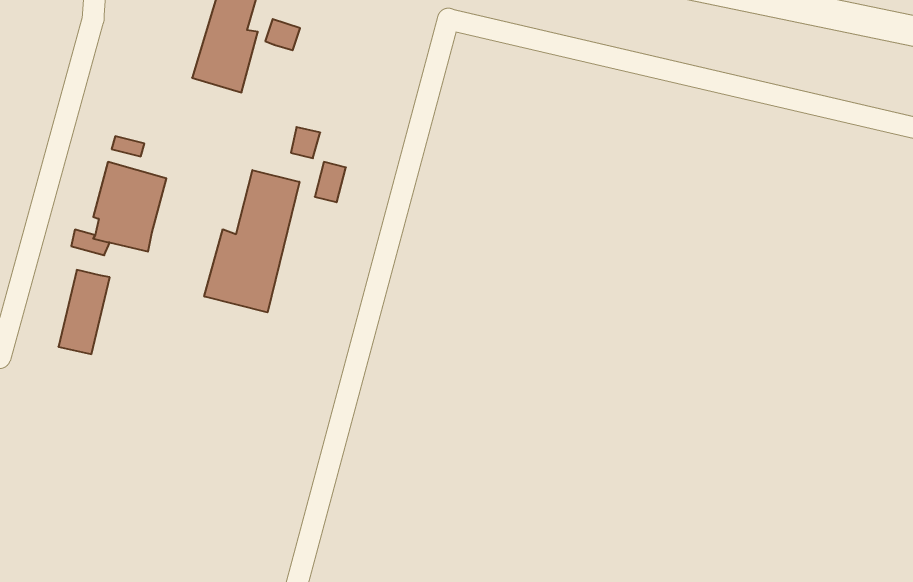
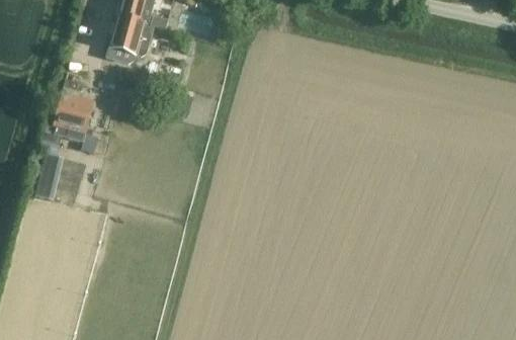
building: [204,170,299,312] -> none

